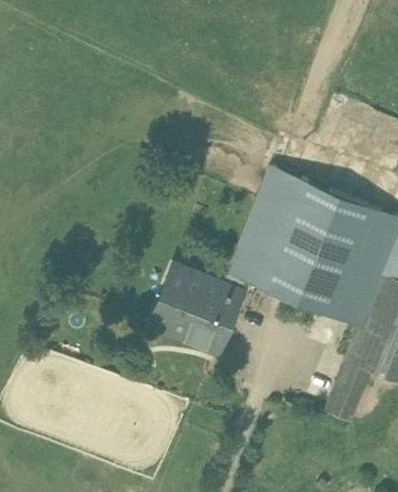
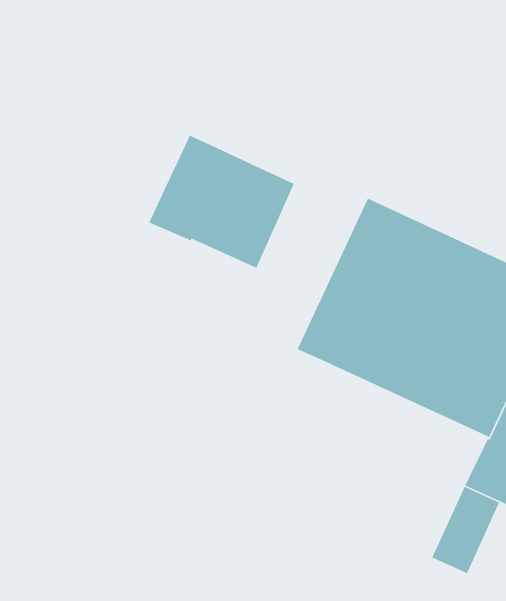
building: none -> [148,135,295,269]
building: [148,265,247,353] -> none

